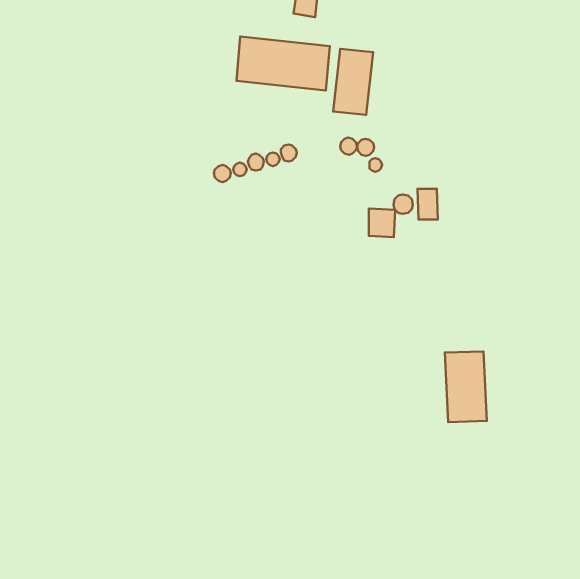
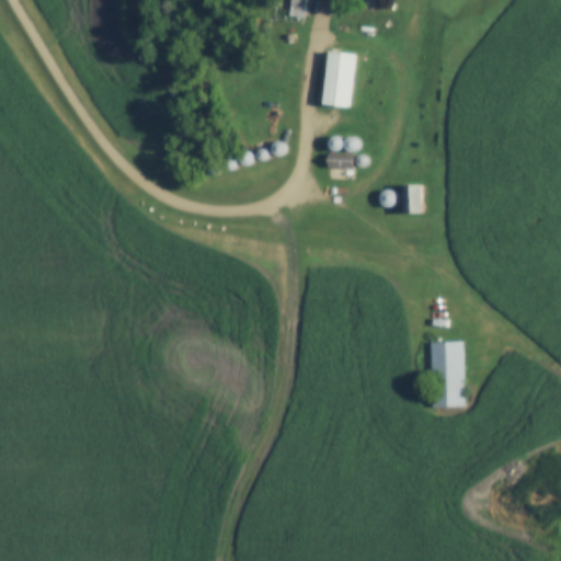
building: [236,36,330,90] -> none
building: [369,209,395,237] -> [329,151,354,179]

